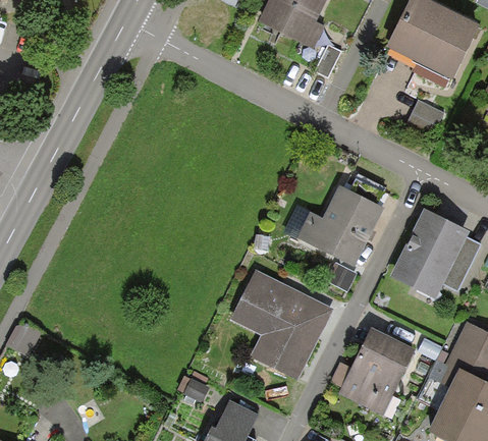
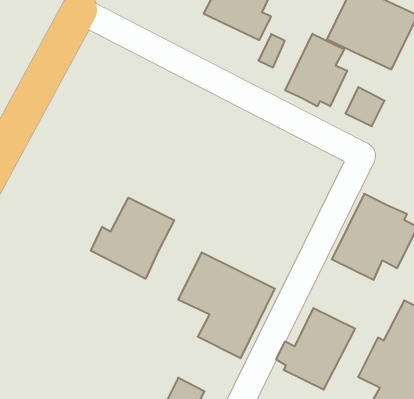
building: none -> [285,34,347,106]
building: [284,184,387,291] -> none
building: none -> [91,198,174,279]

